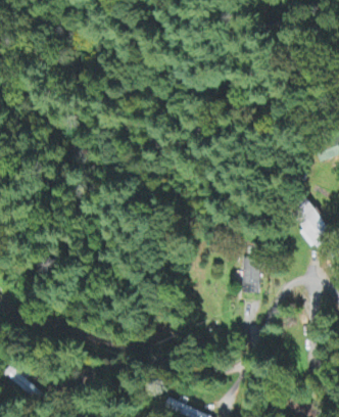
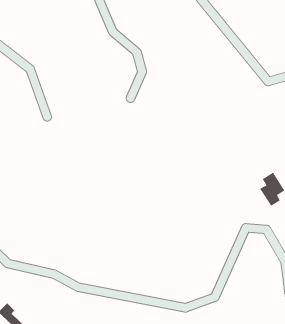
building: [239,257,256,291] -> none

